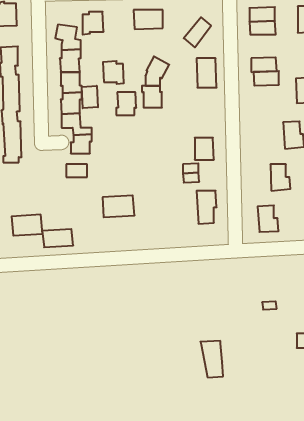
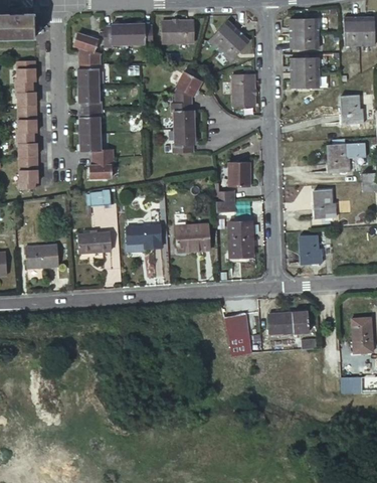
building: none -> [211,19,236,51]
building: [103,61,124,84] -> [128,21,151,46]
building: [253,71,279,86] -> [291,57,319,73]
building: [82,86,98,108] -> none
building: [116,92,136,115] -> [172,128,194,153]
building: none -> [177,224,212,251]
building: [42,229,73,247] -> [78,231,113,252]
building: none -> [267,312,308,335]
building: [200,341,223,377] -> [222,316,247,356]

